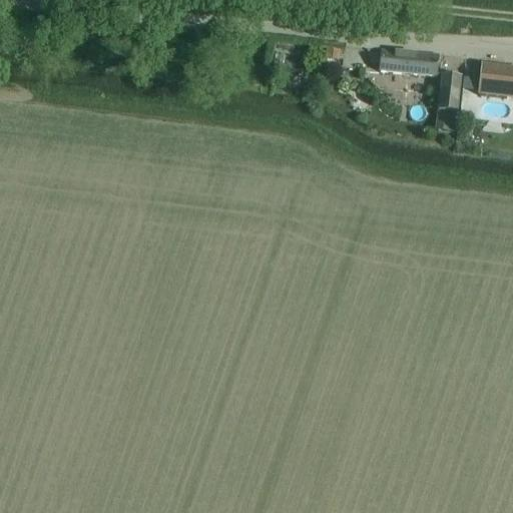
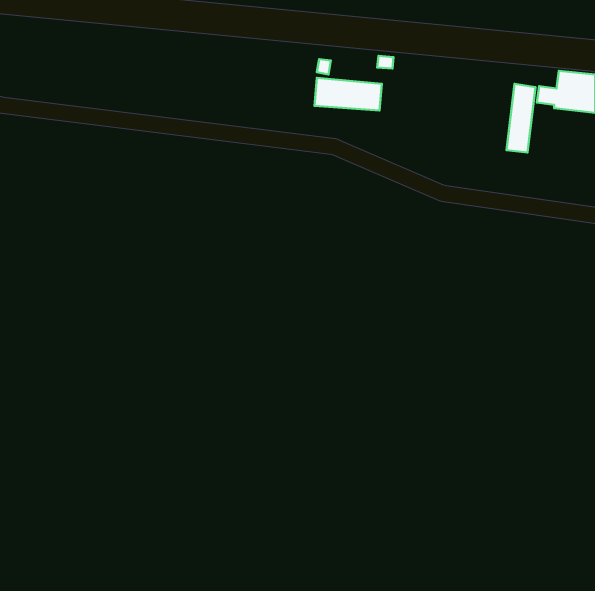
building: [380,47,438,75] -> [314,78,382,110]

